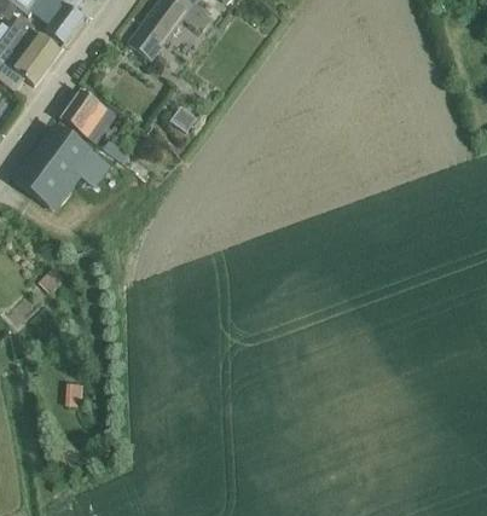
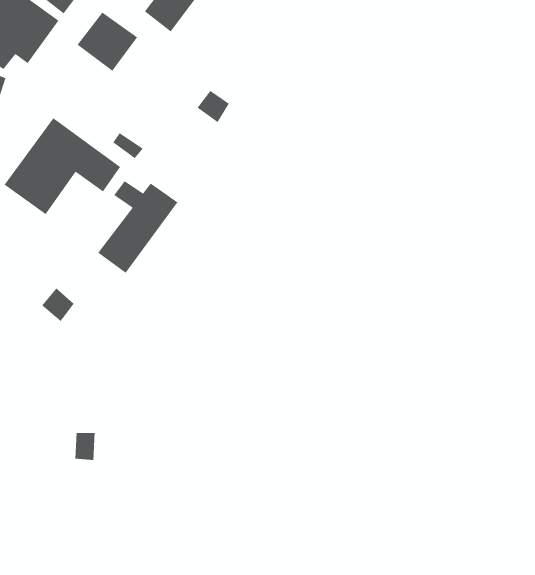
building: [60,91,110,139] -> [76,12,138,72]
building: none -> [97,180,179,274]

